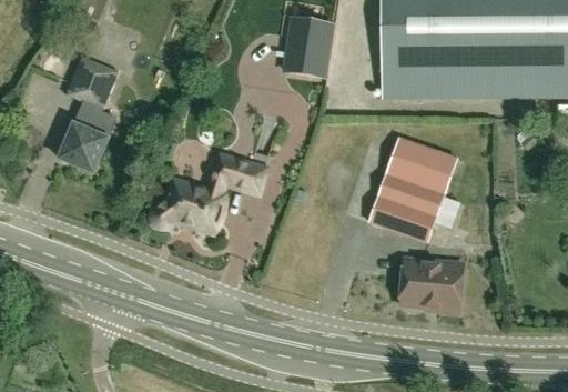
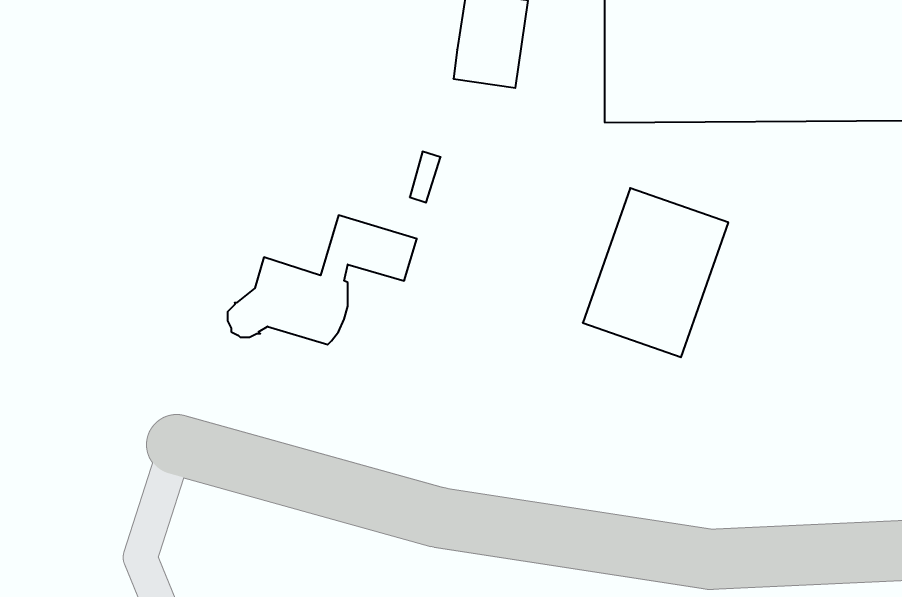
building: [59,54,118,171] -> none
building: [400,258,463,311] -> none

